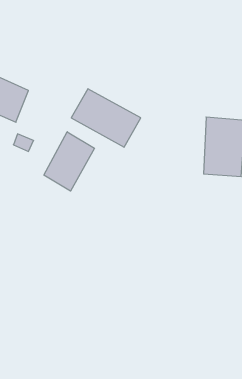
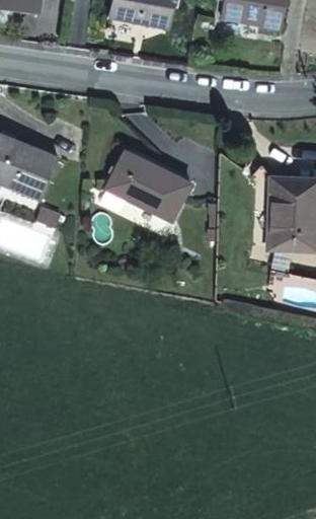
building: [44,132,94,191] -> none

